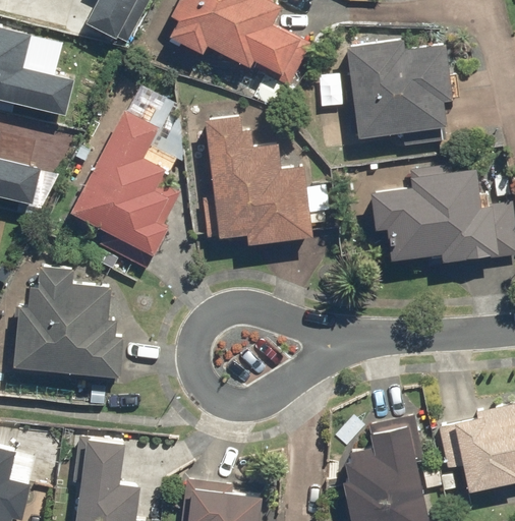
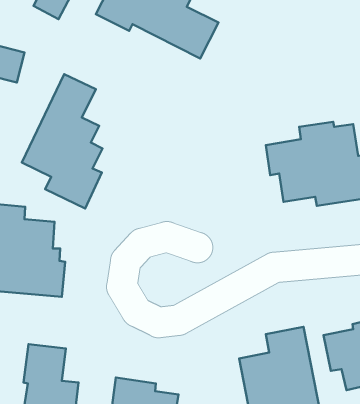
building: [341,40,456,139] -> none
building: [203,115,313,247] -> none

